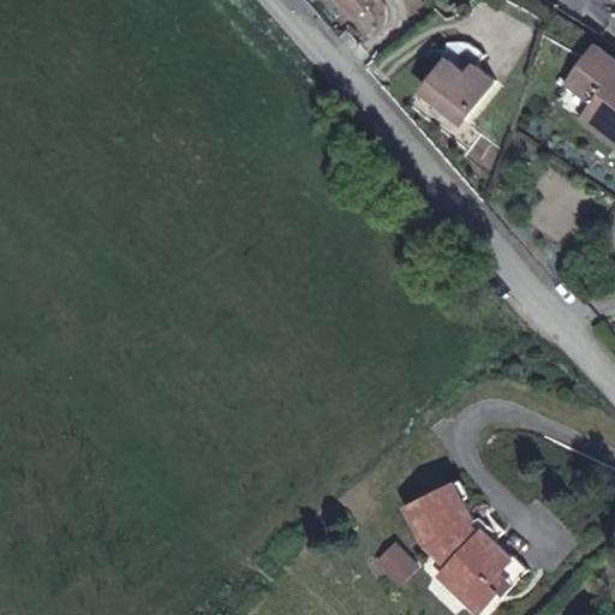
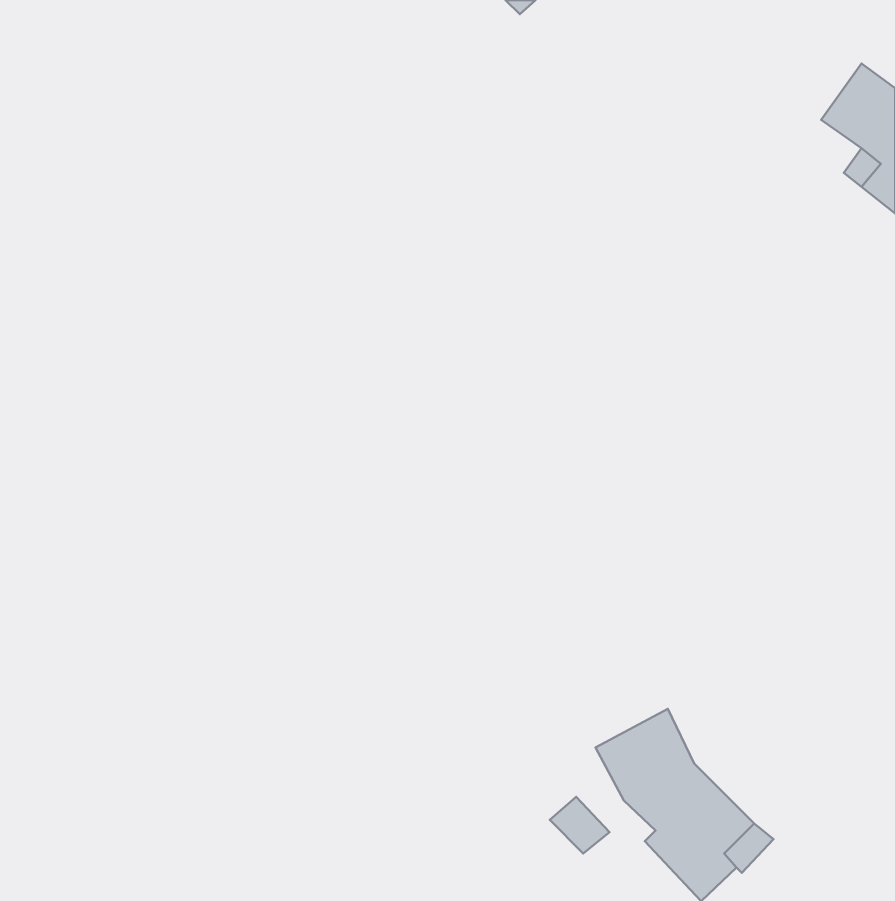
building: [420,56,491,119] -> none

